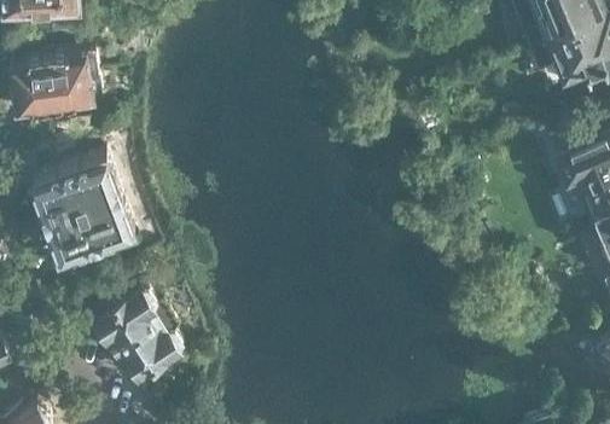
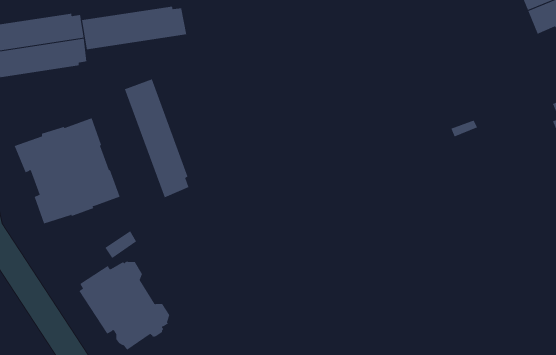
building: none -> [82,6,187,50]
building: none -> [124,78,189,198]

